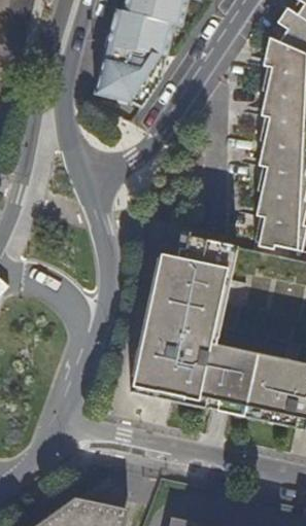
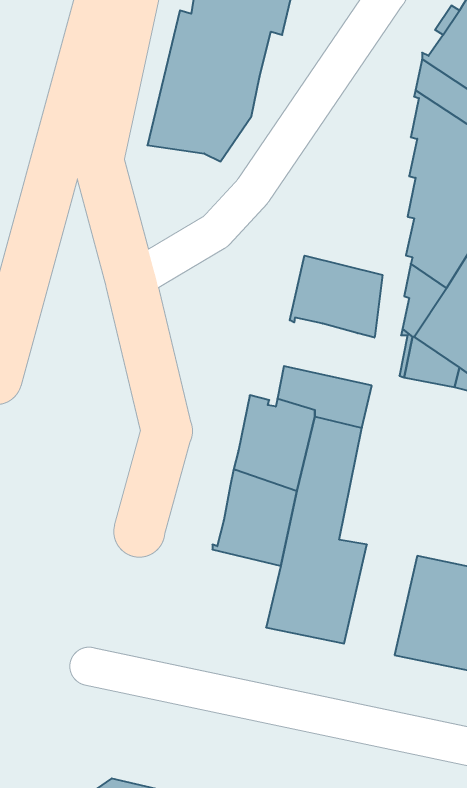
building: none -> [290,256,382,338]
building: [220,347,267,417] -> none
building: [131,350,180,399] -> none

